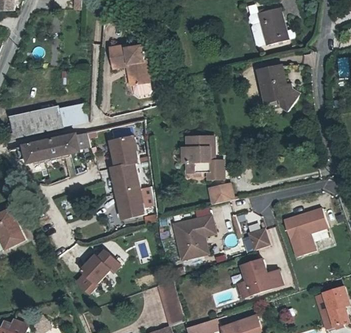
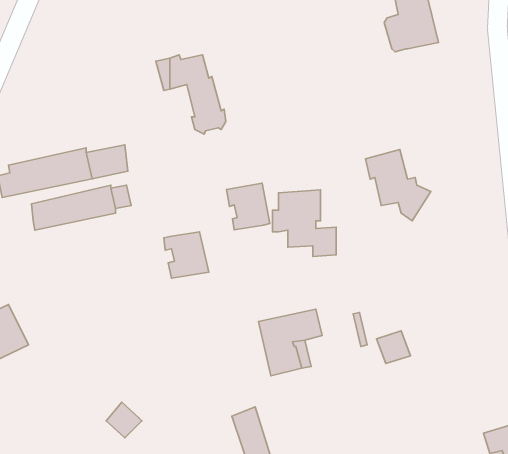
building: [260,67,302,113] -> [366,150,431,221]
building: [110,136,138,166] -> [226,183,270,230]
building: [209,181,237,204] -> none
building: [116,189,145,219] -> none
building: [283,206,326,255] -> none
building: [81,250,119,283] -> none
building: [236,258,281,296] -> none

